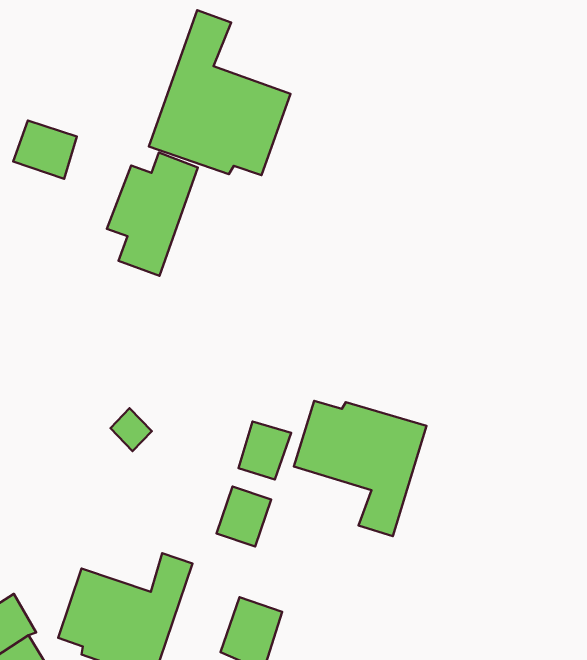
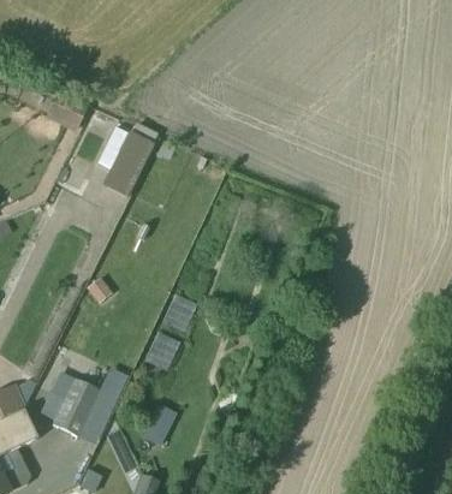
building: [149,10,291,175] -> none
building: [294,401,426,536] -> none

